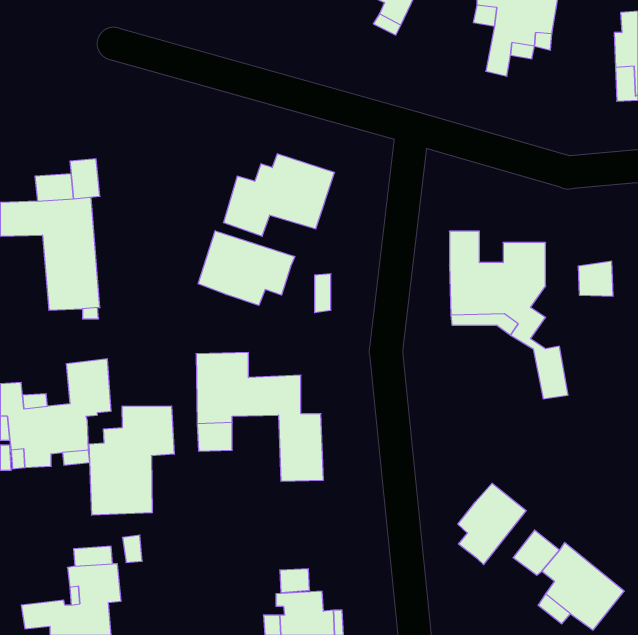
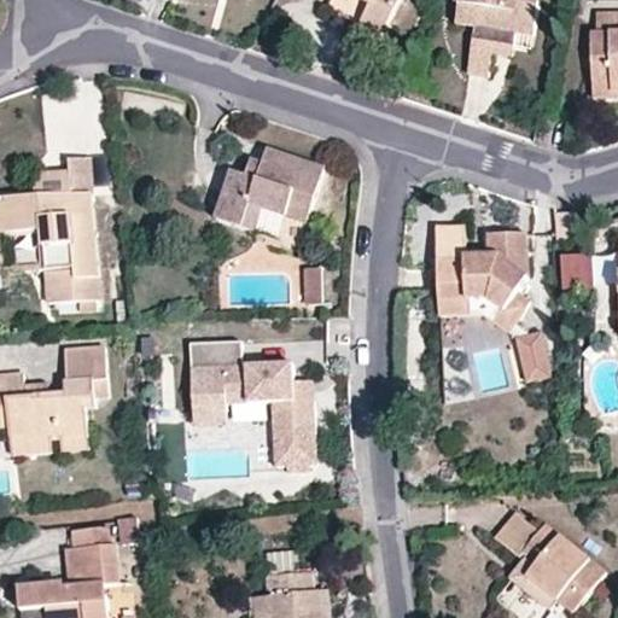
building: [198,231,295,305] -> none
building: [89,406,174,515] -> none
building: [458,483,526,565] -> none

